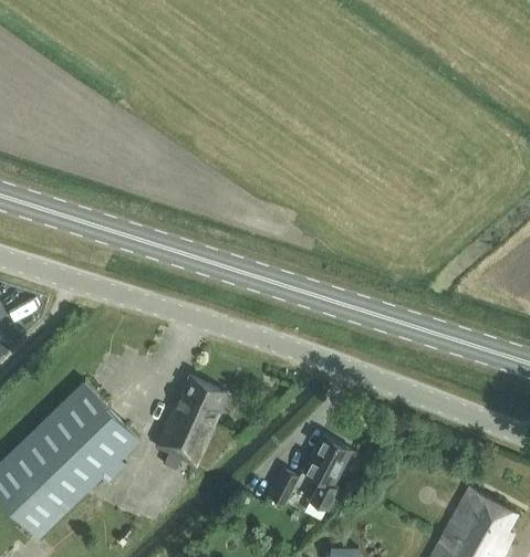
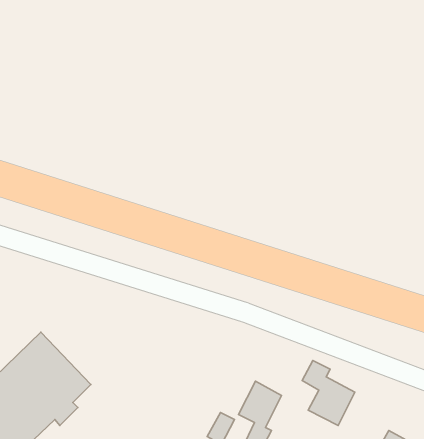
building: [156,377,225,465] -> none
building: none -> [302,361,355,425]

